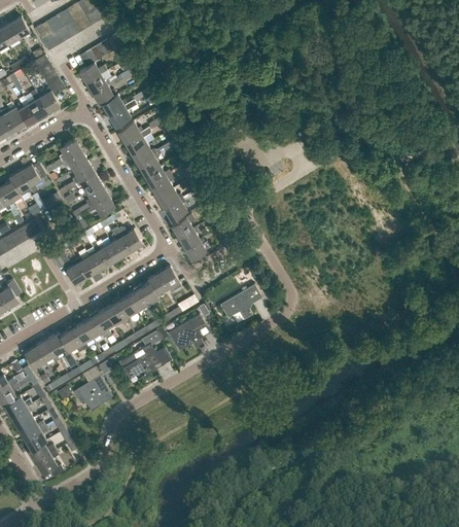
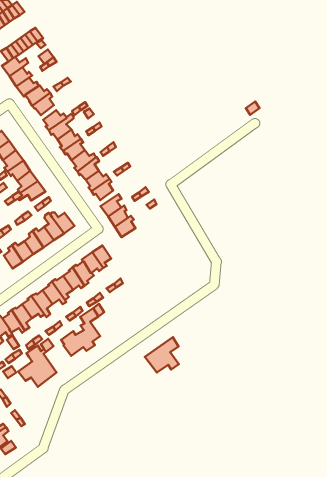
building: [218,283,261,319] -> none
building: [168,314,204,350] -> [145,337,179,373]

